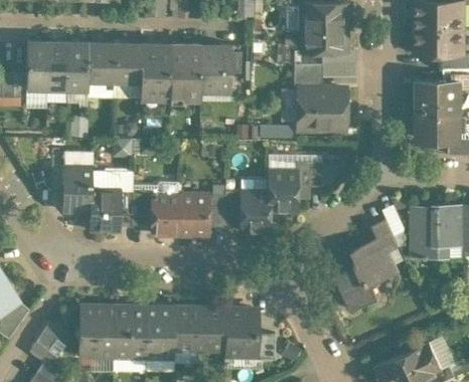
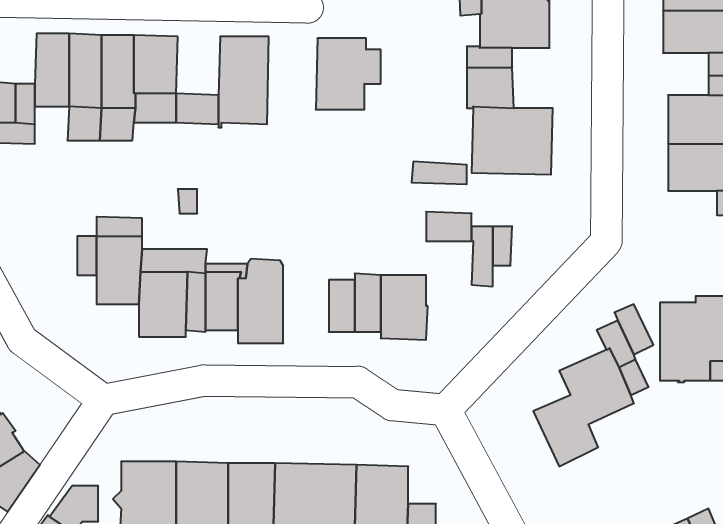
building: [113,43,140,79] -> none
building: [169,43,200,98] -> none
building: [268,170,297,210] -> none
building: [179,194,207,234] -> none

